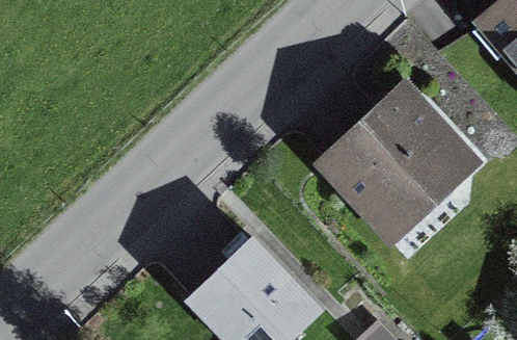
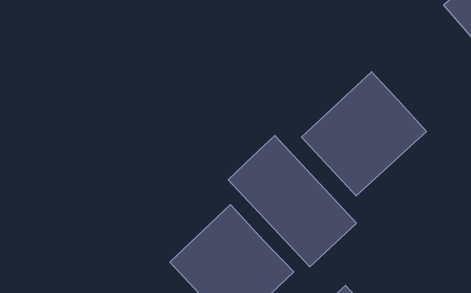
building: none -> [228,136,356,267]

